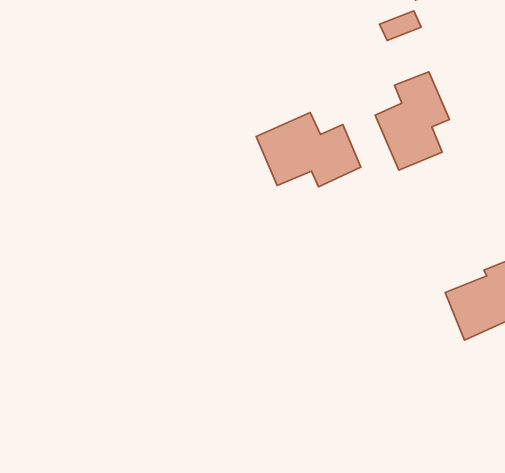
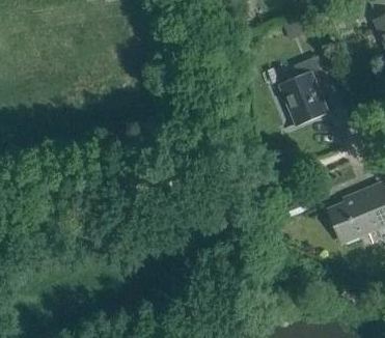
building: [256,112,361,187] -> none

